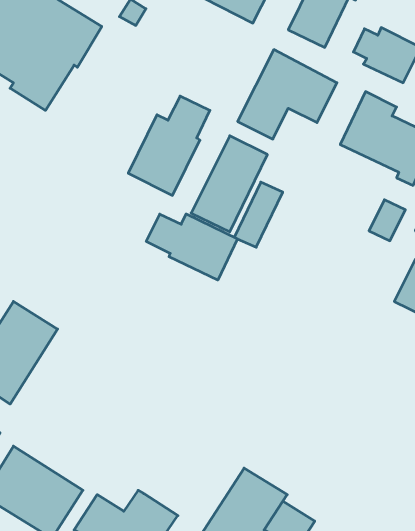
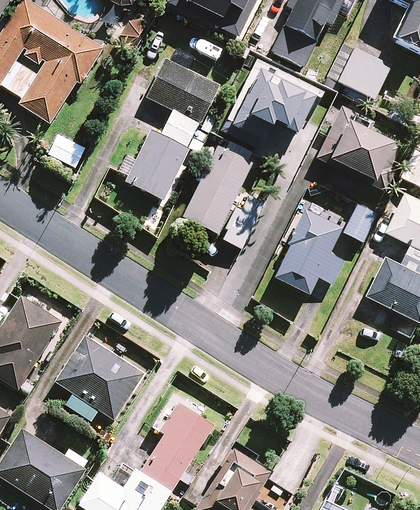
building: none -> [146,58,219,123]
building: none -> [275,210,343,293]
building: [146,214,237,280] -> none
building: none -> [55,334,145,419]
building: none -> [140,401,214,490]

